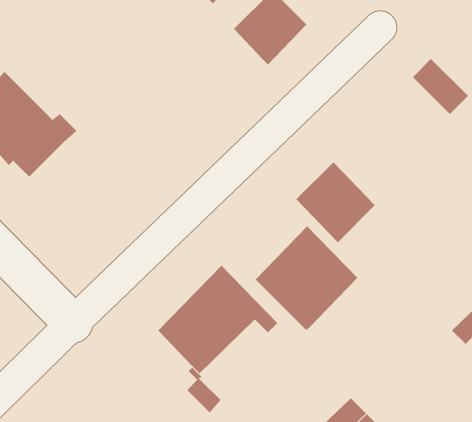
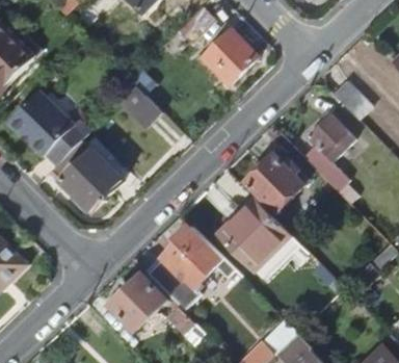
building: none -> [119,85,162,128]
building: none -> [302,111,352,187]
building: none -> [52,138,123,210]
building: none -> [109,275,166,332]

